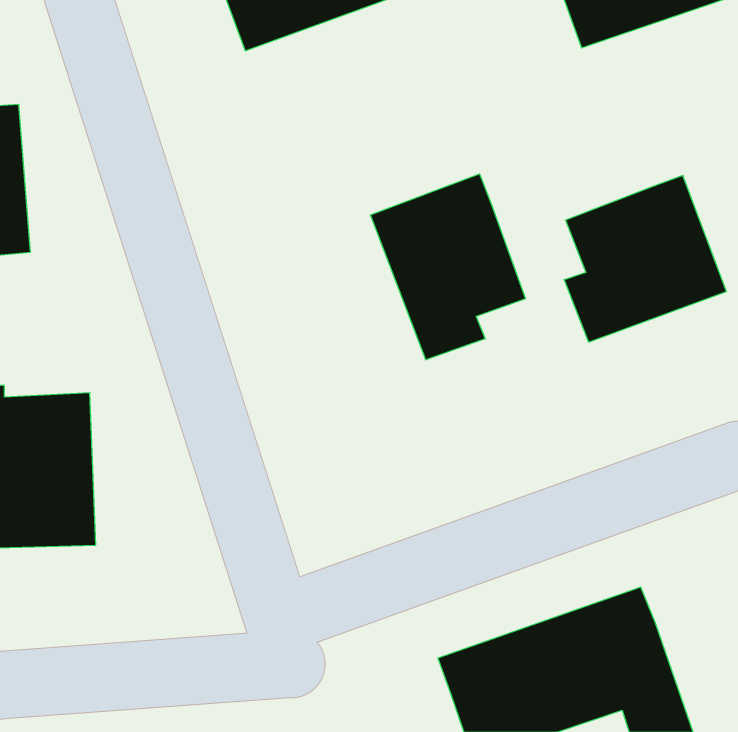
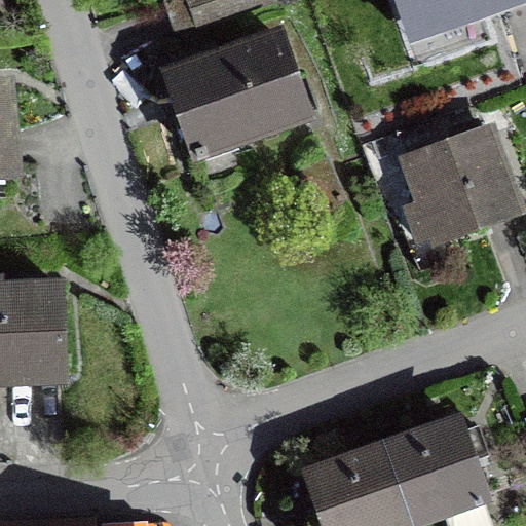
building: none -> [157,25,314,163]
building: [371,174,526,360] -> none

